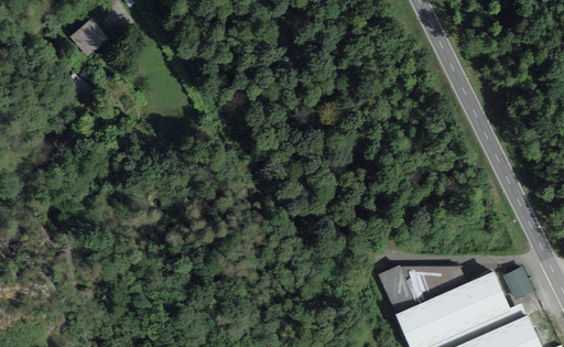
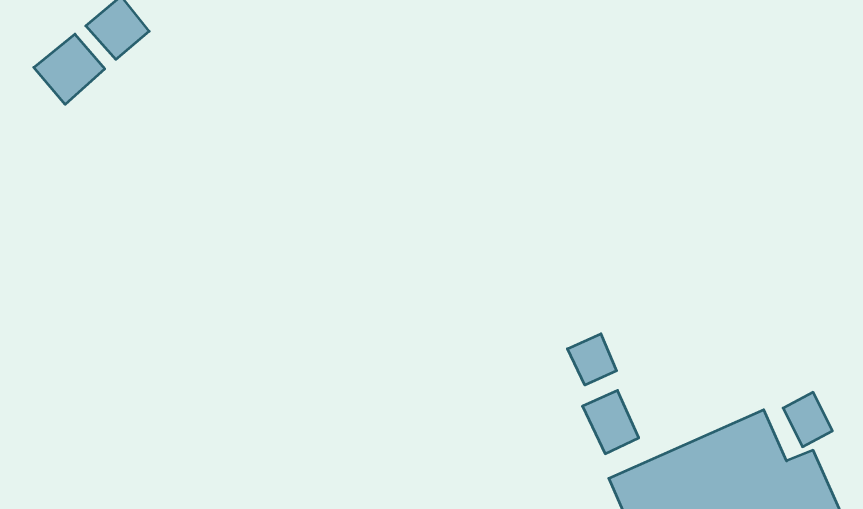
building: none -> [34,34,105,104]
building: none -> [567,334,617,385]

